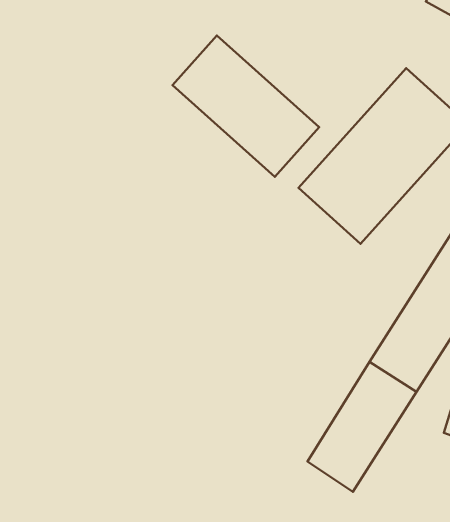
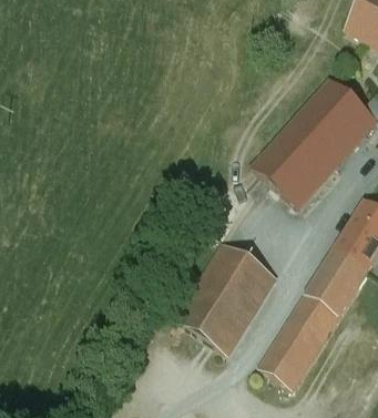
building: [172,35,319,177] -> none
building: none -> [175,242,275,353]

